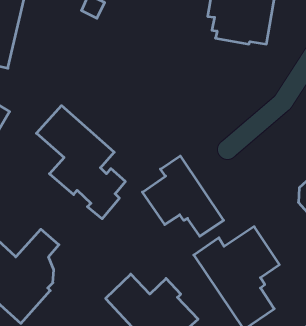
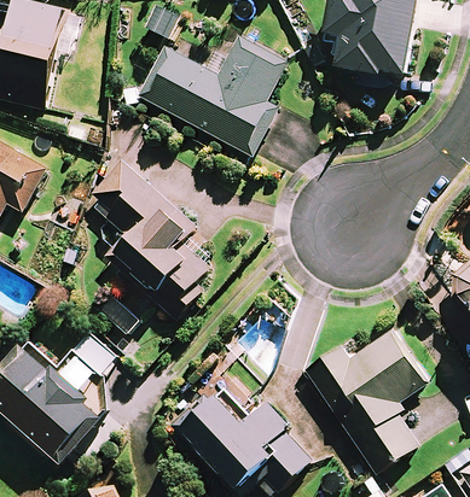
building: none -> [135,39,283,156]
building: [142,156,224,236] -> none

